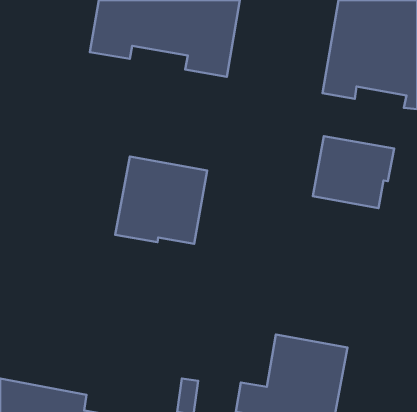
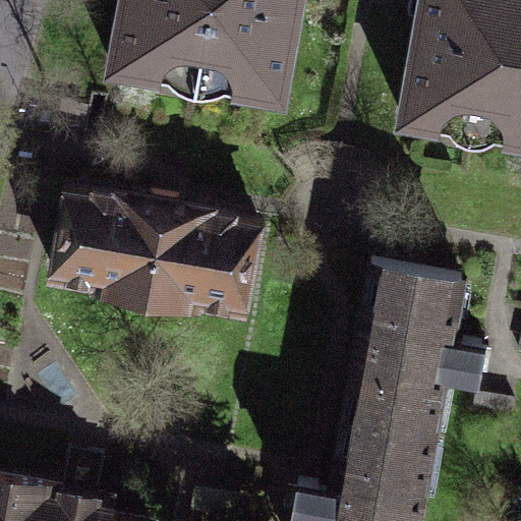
building: [313,136,394,208] -> none
building: none -> [56,186,162,299]
building: none -> [344,263,483,440]

